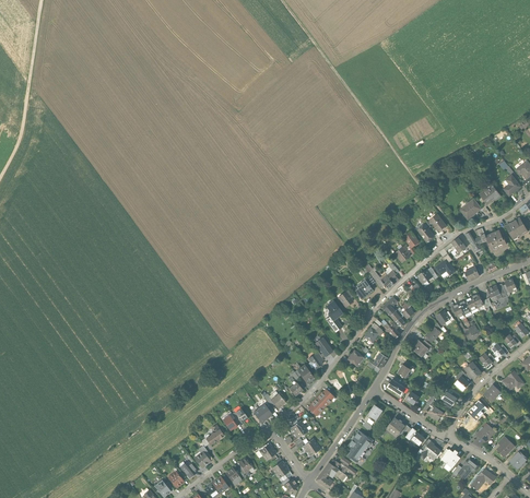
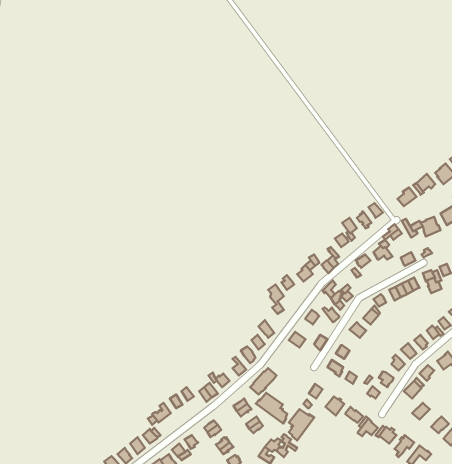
building: none -> [256,393,287,423]

